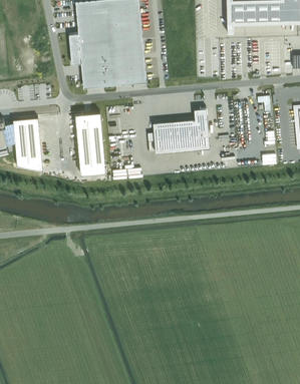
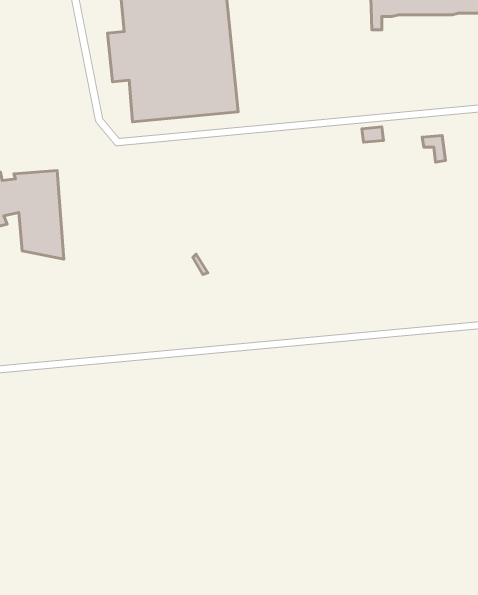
building: [147,107,210,152] -> none
building: [74,111,105,173] -> none

